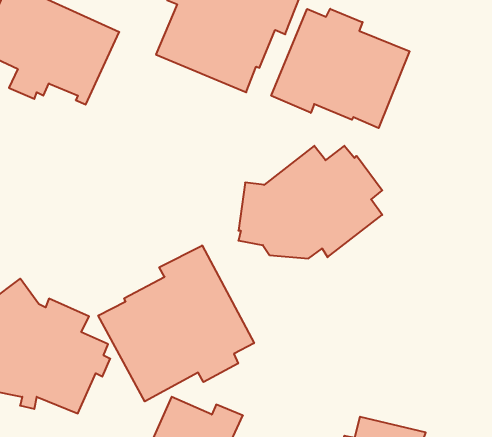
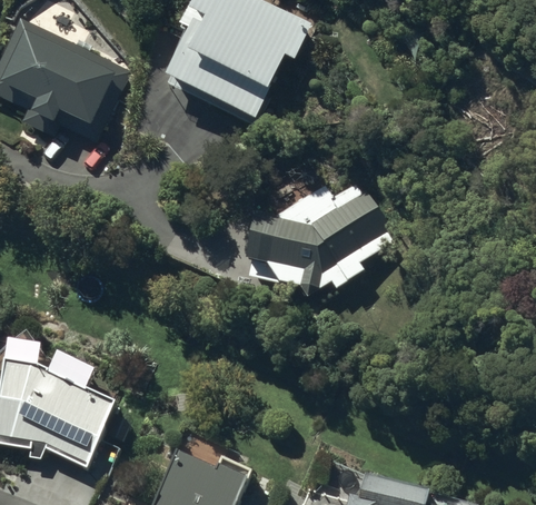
building: [271,9,410,128] -> none
building: [98,245,254,401] -> none

